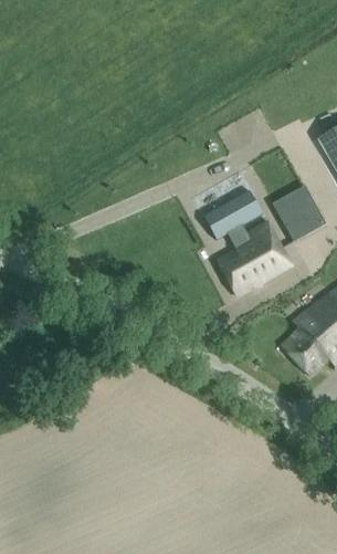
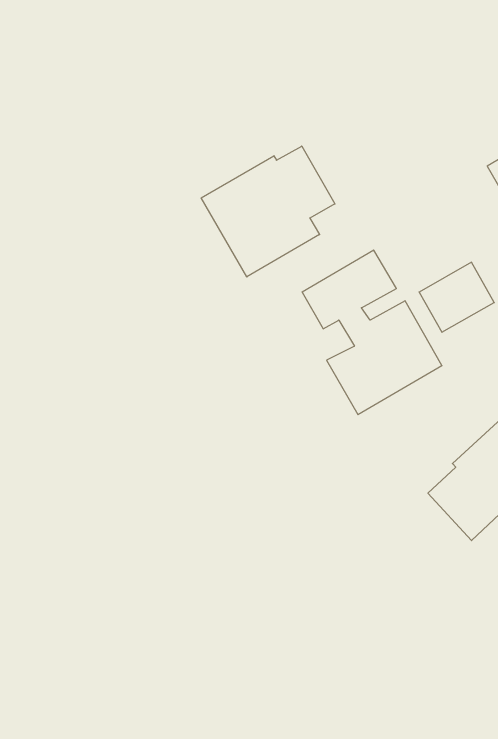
building: none -> [201,146,335,277]

